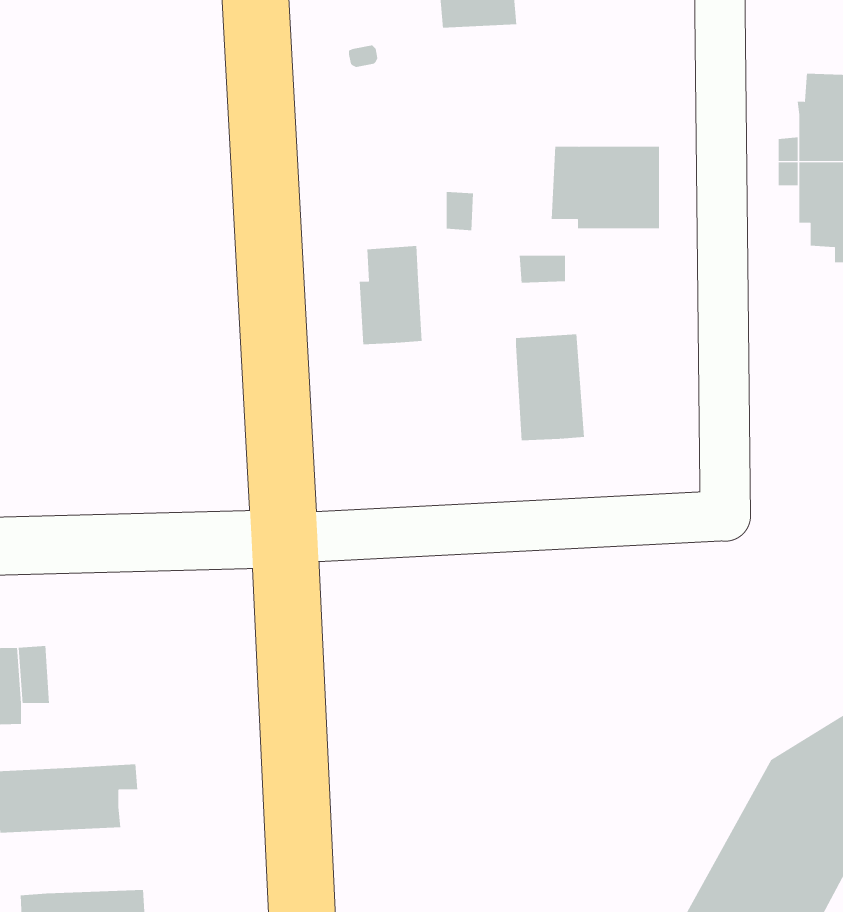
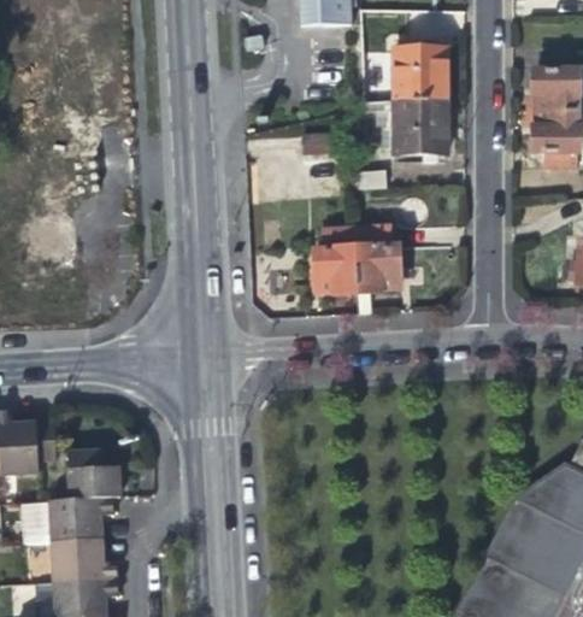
building: none -> [396,49,448,102]
building: [359,246,423,345] -> [318,230,359,294]
building: none -> [67,451,119,501]
building: none -> [52,540,117,582]

